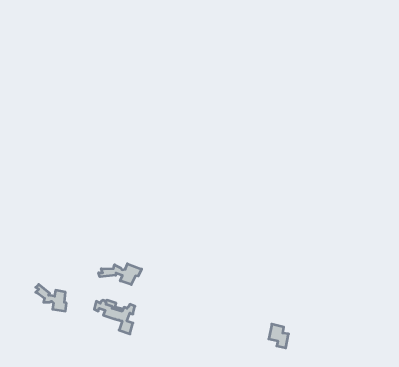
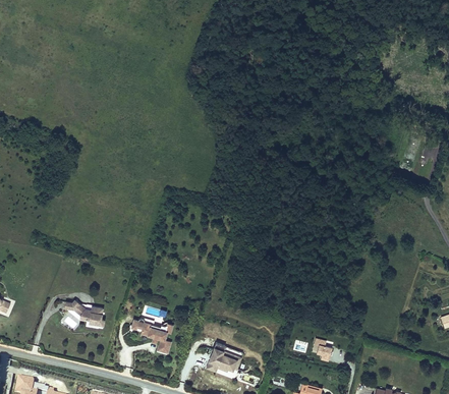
building: [99,264,142,285] -> none
building: none -> [205,343,242,374]

